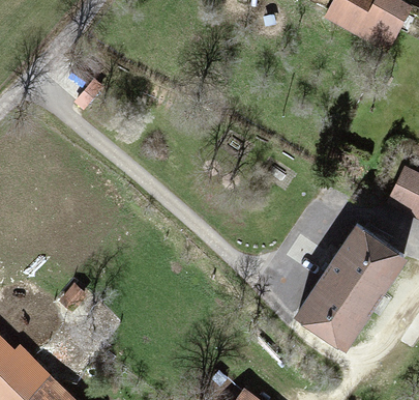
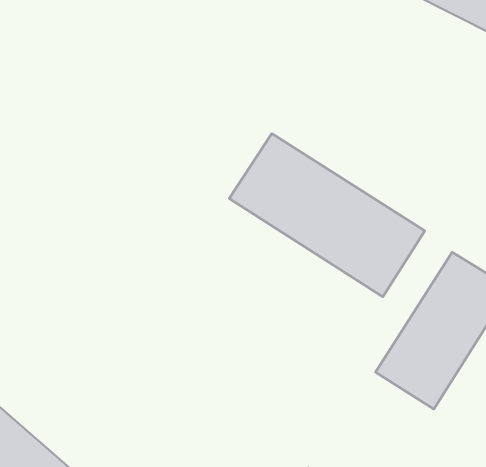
building: none -> [229,133,425,297]

